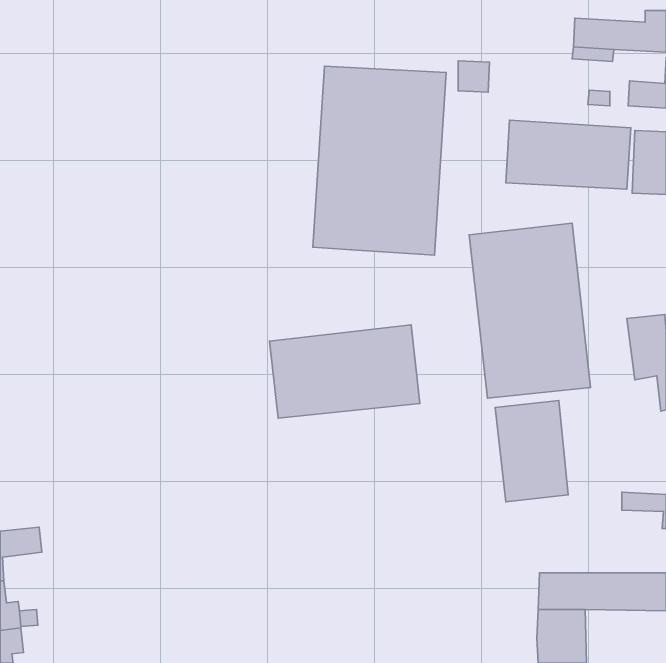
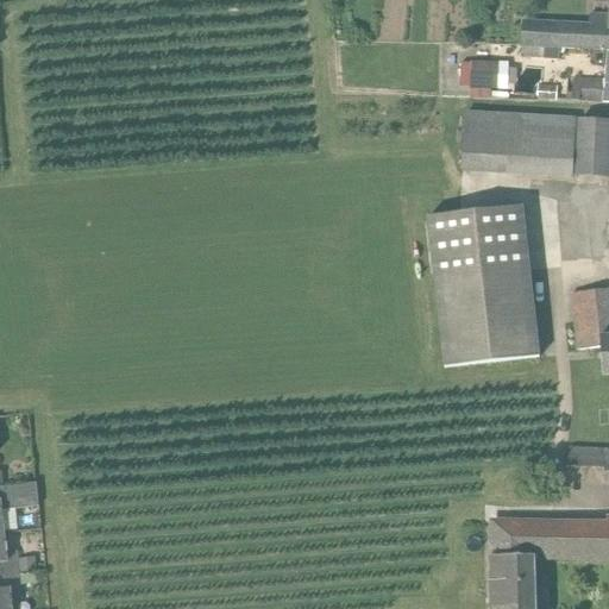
building: [458,61,490,92] -> [471,59,500,88]
building: [313,66,446,255] -> none
building: [269,325,420,418] -> none
building: [495,401,568,502] -> none

